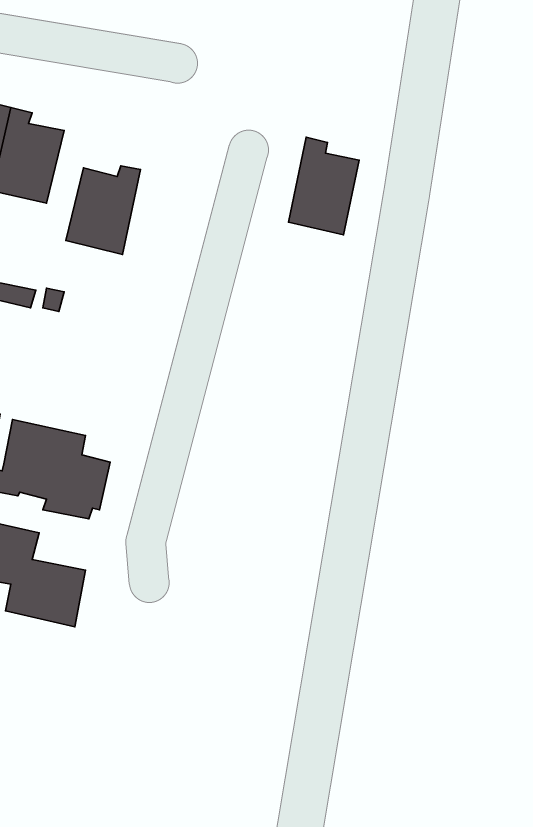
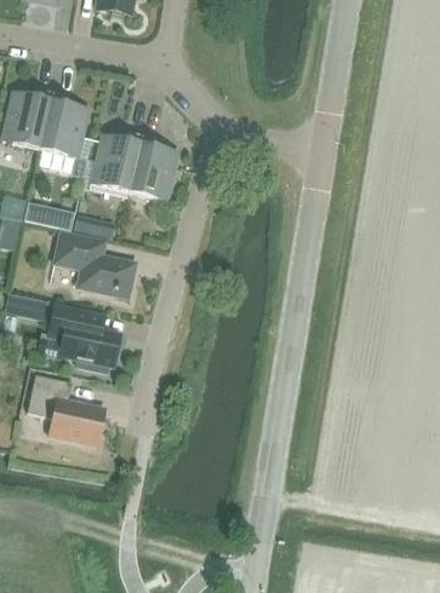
building: [288,137,359,235] -> [128,134,177,201]
building: none -> [53,231,135,298]

